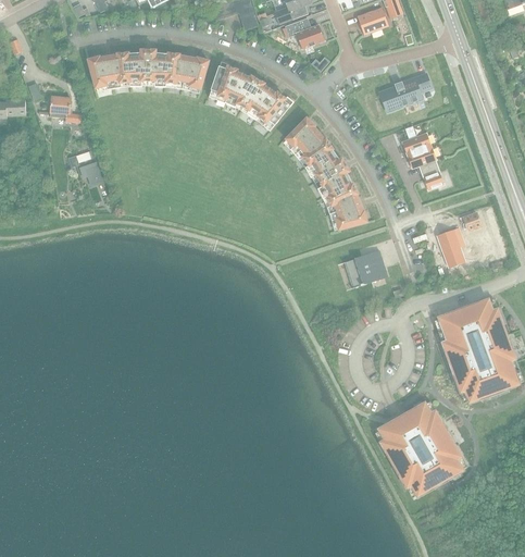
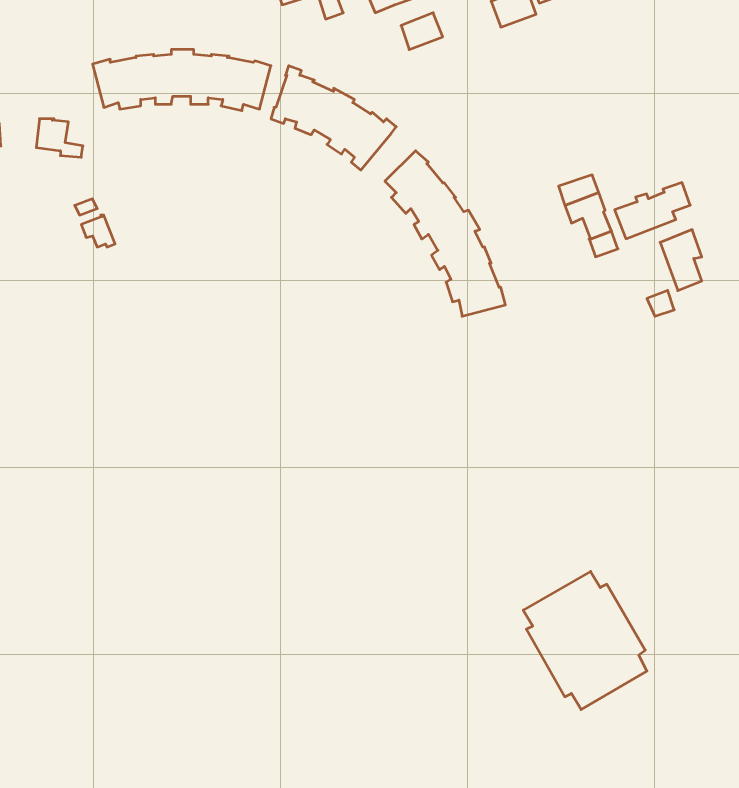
building: [379,72,430,110] -> [615,183,690,239]
building: [436,225,464,267] -> [660,230,702,291]
building: [342,251,387,286] -> none
building: [438,298,518,400] -> none

